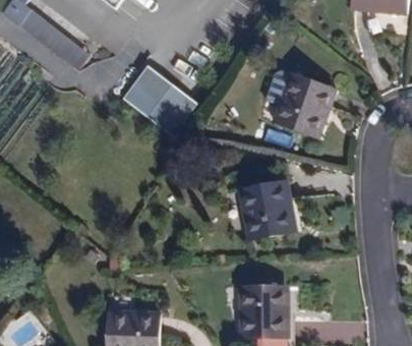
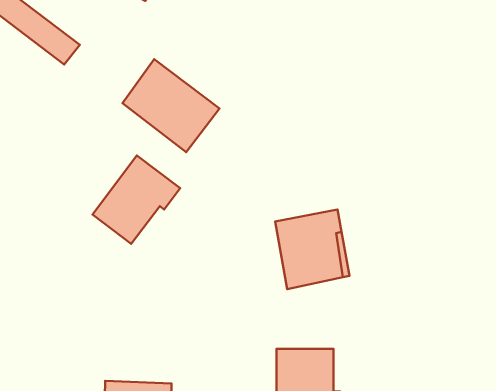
building: [273,73,336,137] -> none
building: none -> [92,156,180,244]

